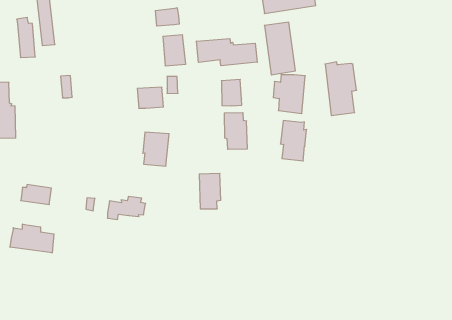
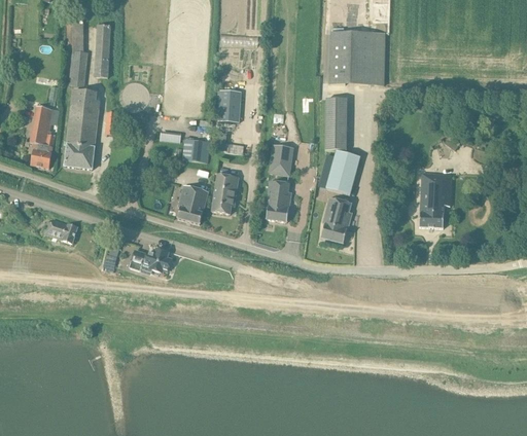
building: [155,8,179,26] -> none
building: [197,39,257,66] -> none
building: none -> [64,90,100,169]
building: [325,62,357,116] -> [419,173,451,228]
building: [199,173,221,209] -> [212,175,239,214]
building: [10,224,54,253] -> none

